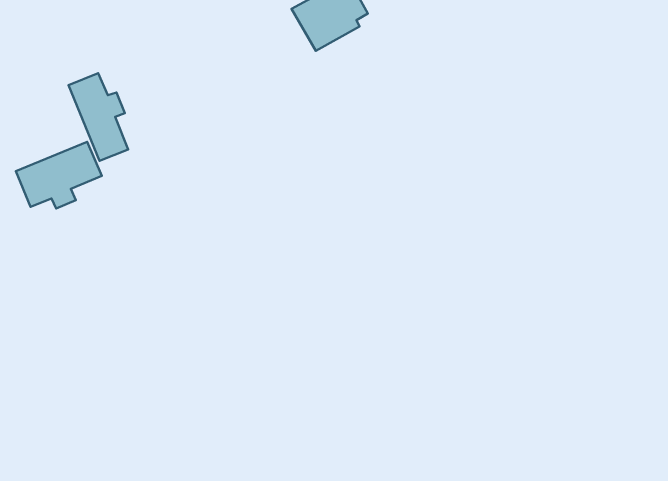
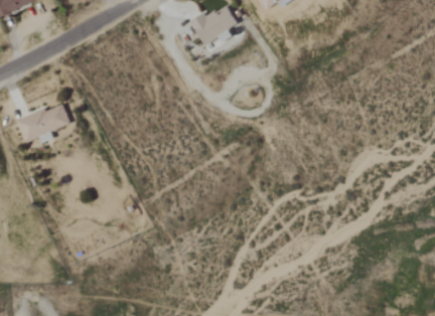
building: [69,73,128,161] -> none

